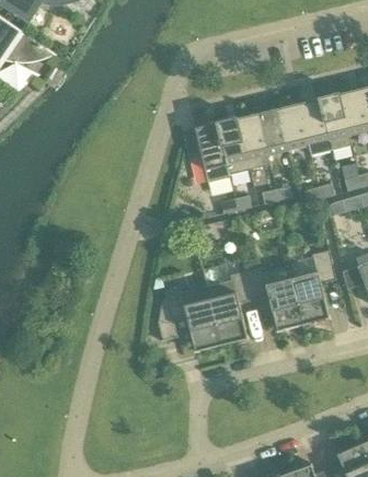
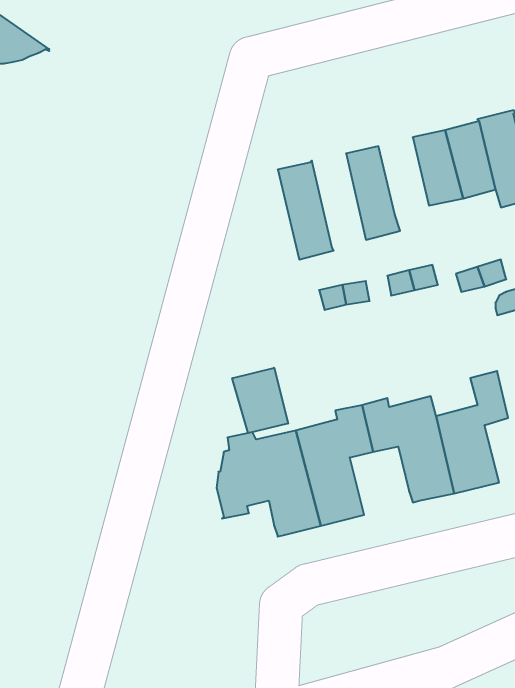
building: [255,108,286,155] -> none
building: [214,117,248,175] -> none
building: none -> [232,368,288,433]

